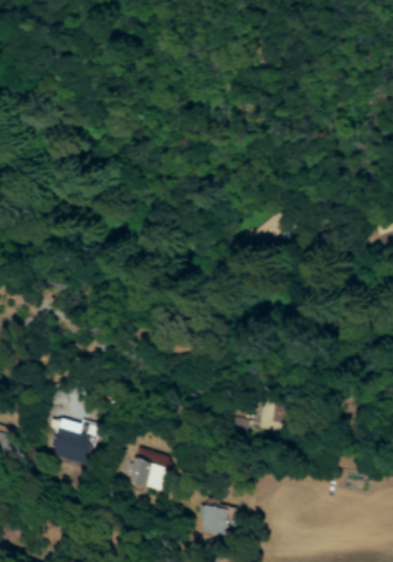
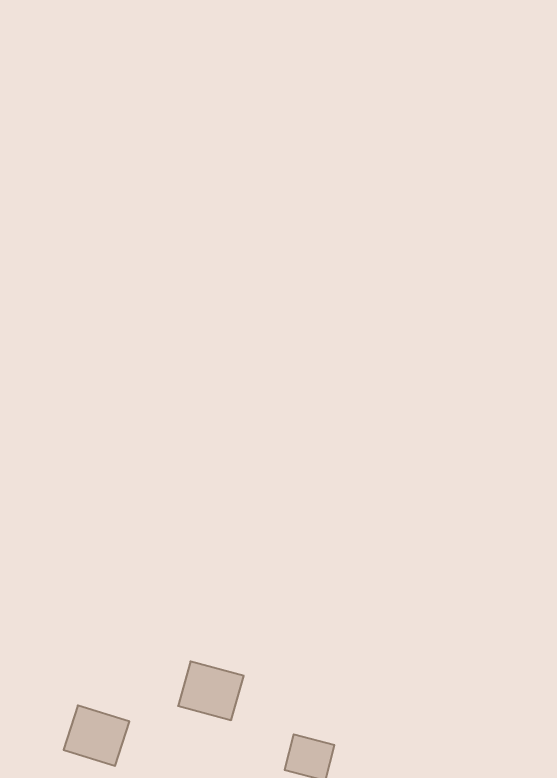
building: [46,418,90,459] -> [64,705,129,766]

